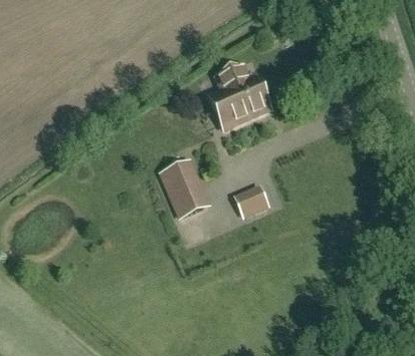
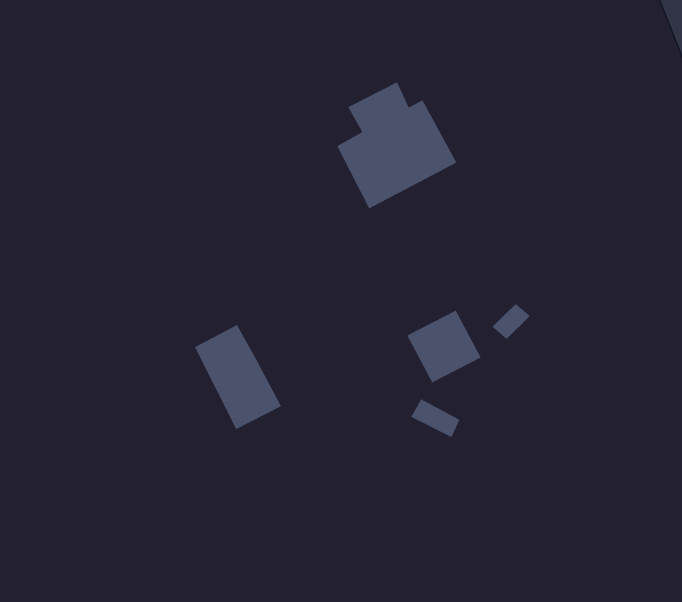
building: [162,163,204,217] -> [194,324,282,430]

